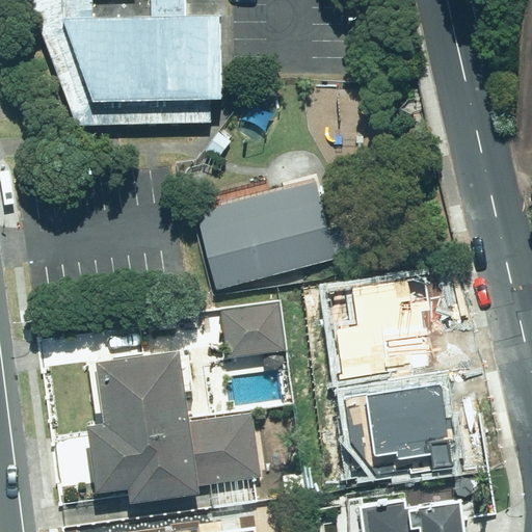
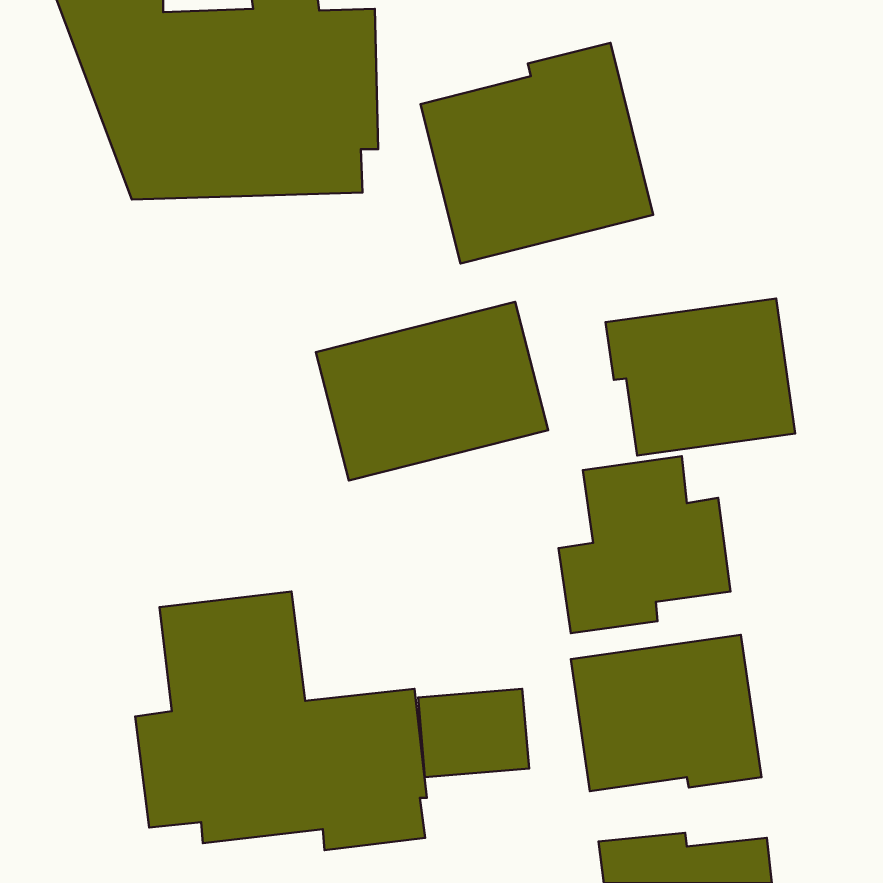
building: none -> [421,43,653,263]
building: none -> [606,299,795,456]
building: [218,303,285,356] -> [418,689,529,777]

